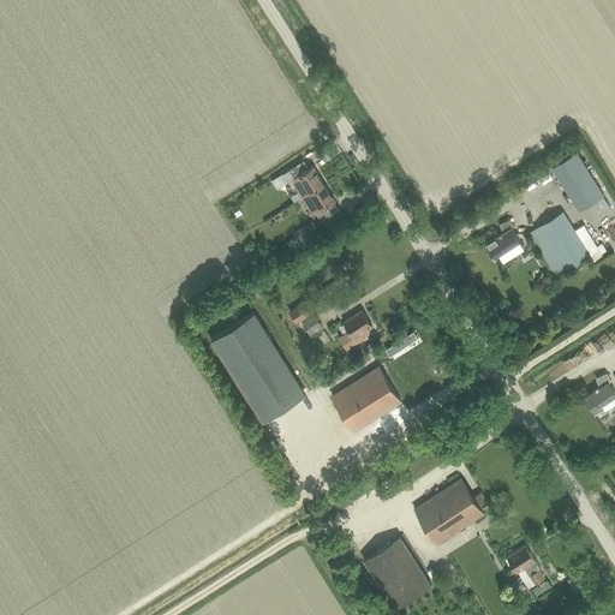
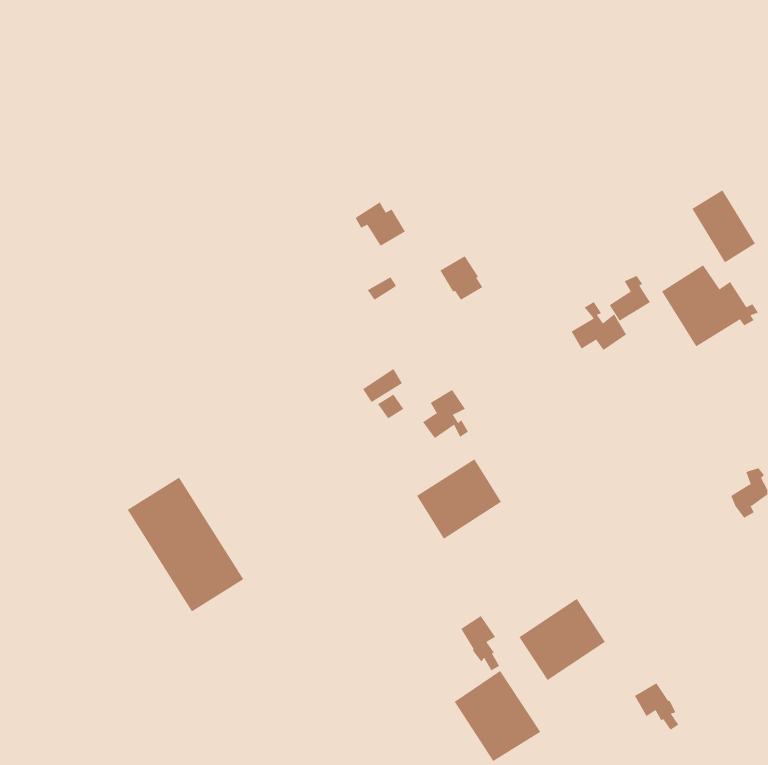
building: [304,187,339,223] -> [440,255,483,301]
building: none -> [571,301,627,351]
building: [211,315,305,423] -> [127,477,244,612]
building: none -> [461,615,500,671]

